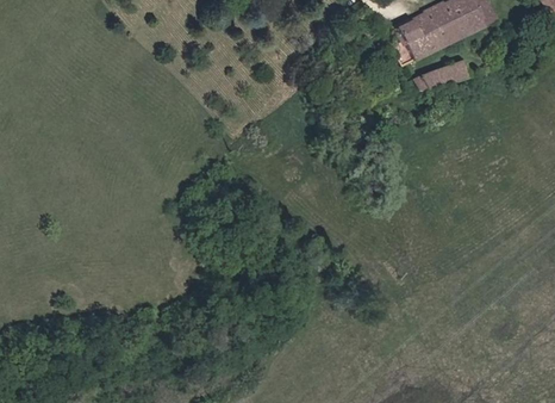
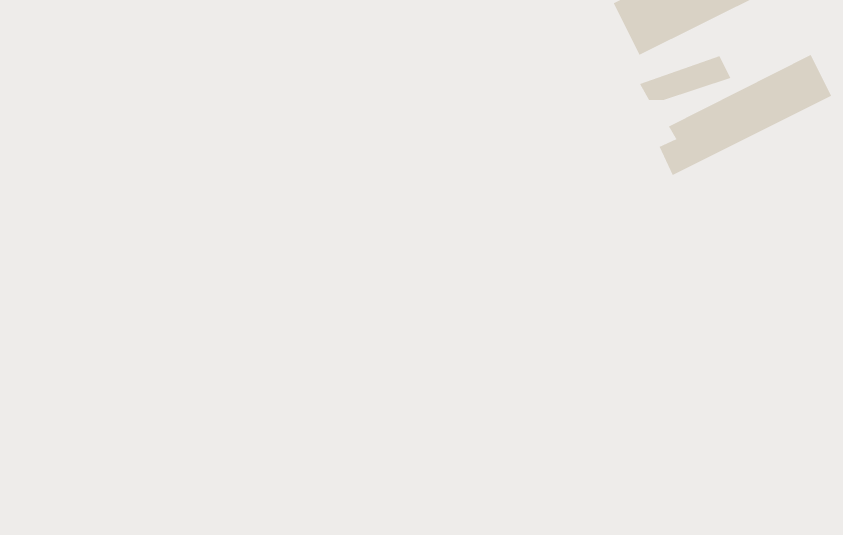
building: none -> [659,54,832,176]

